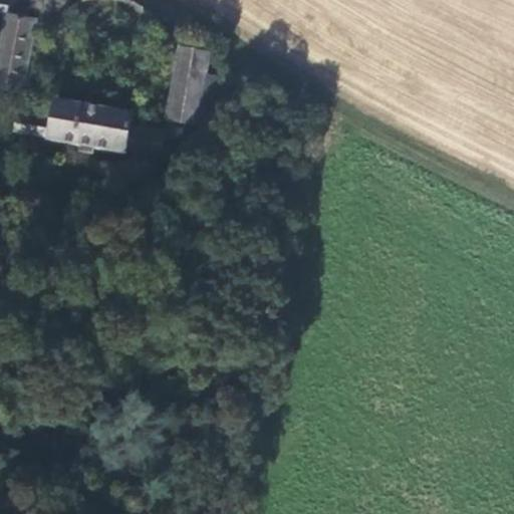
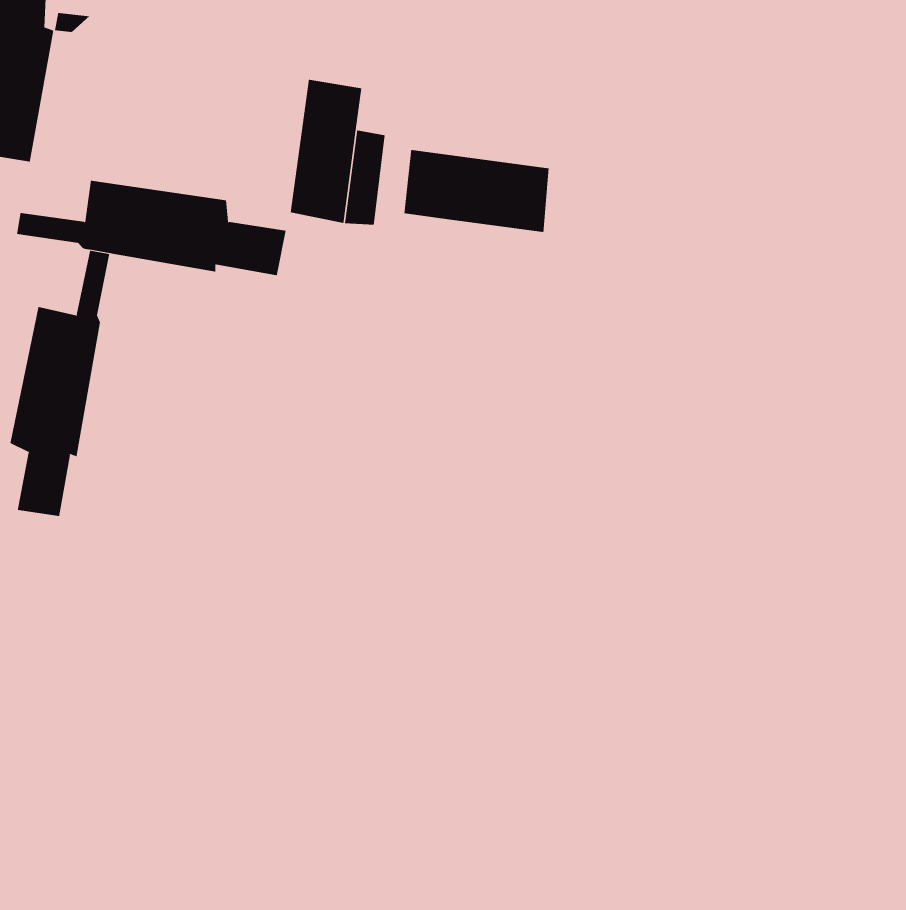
building: none -> [404,149,549,233]
building: none -> [10,250,110,517]

